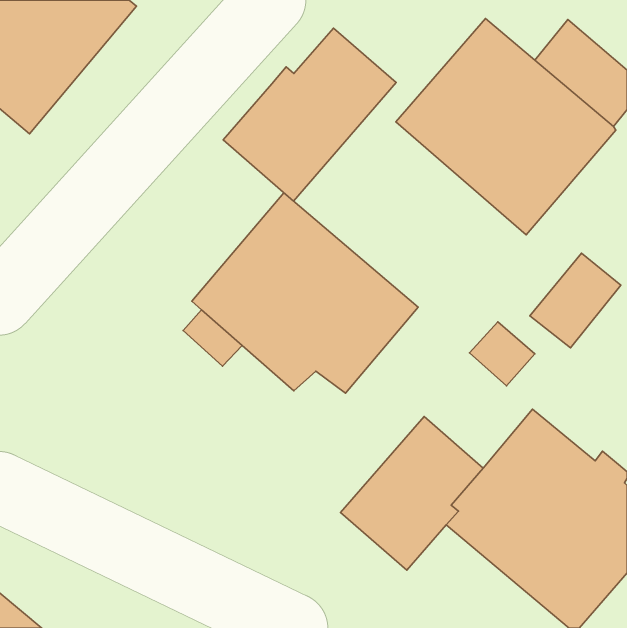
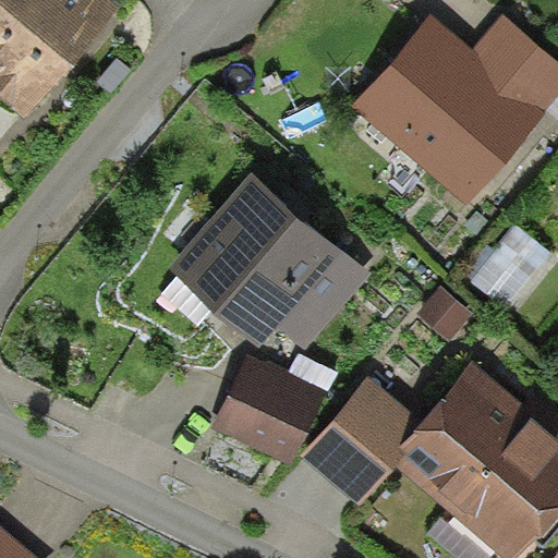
building: [223,28,396,201] -> none
building: none -> [213,352,326,463]

